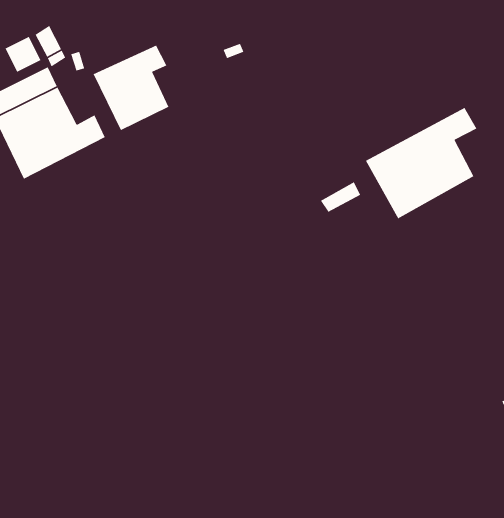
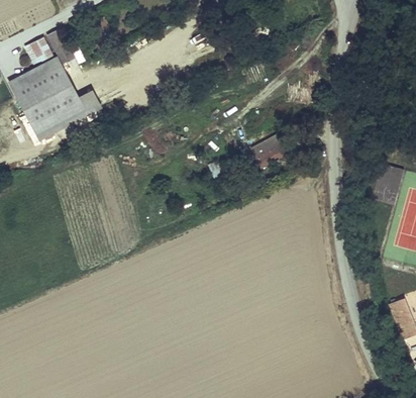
building: [93,45,170,131] -> none
building: [365,107,478,219] -> none

